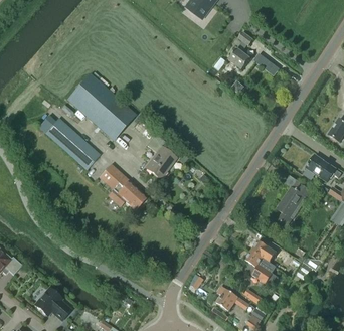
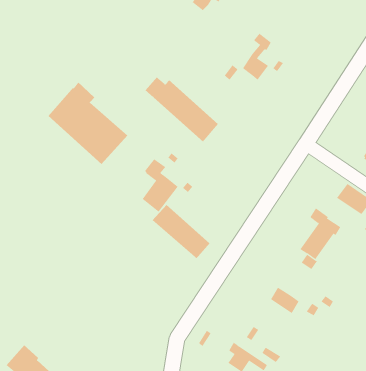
building: [38,115,100,169] -> [144,77,219,143]
building: [99,164,147,209] -> [152,204,210,259]
building: [244,250,277,286] -> none

